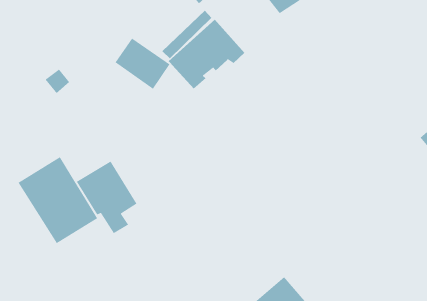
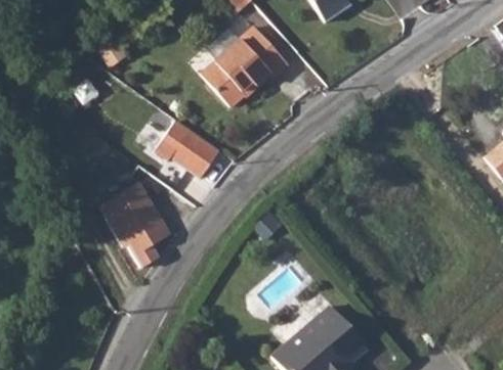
building: [114,38,171,90] -> [156,117,218,175]
building: [17,156,98,244] -> none

